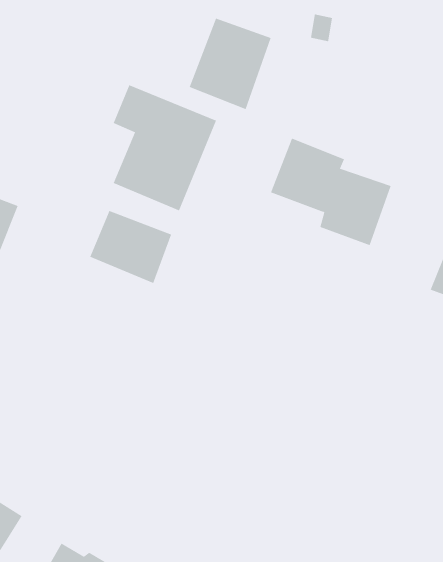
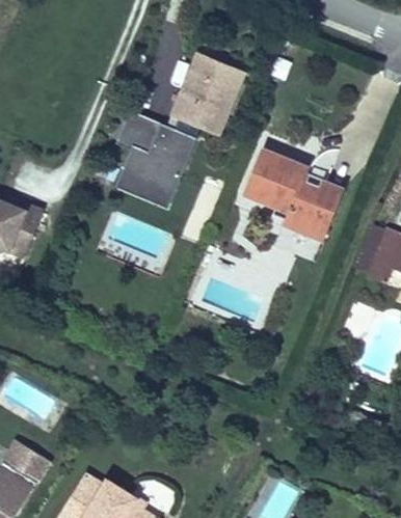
building: [90,210,172,284] -> none

